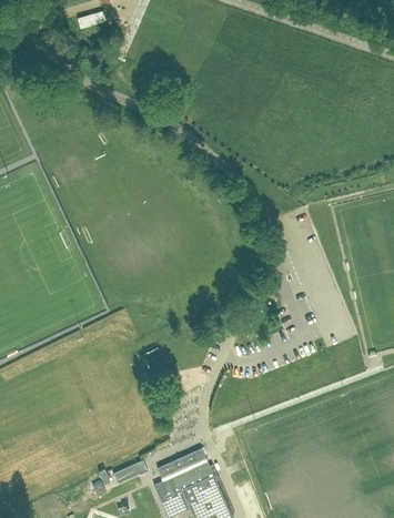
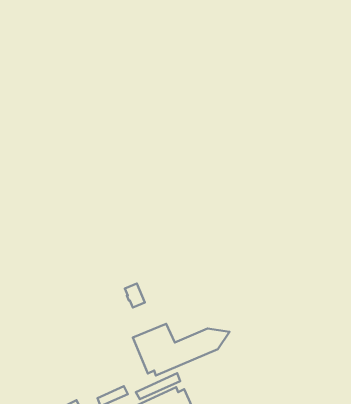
building: none -> [133,324,229,376]

